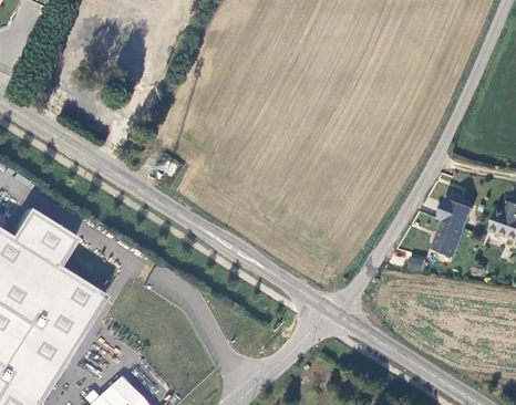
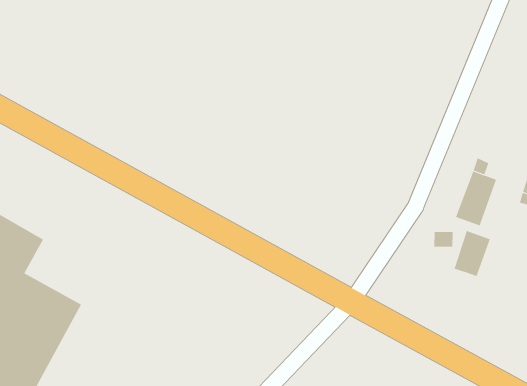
building: none -> [454,230,491,277]

